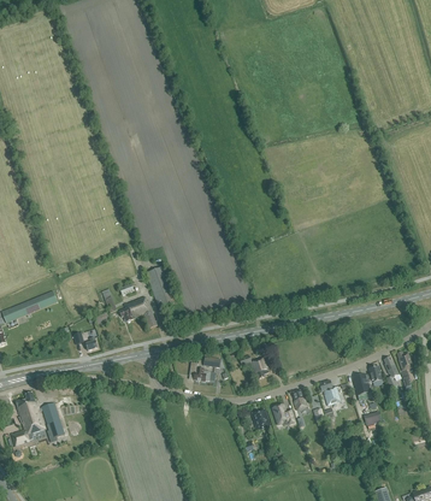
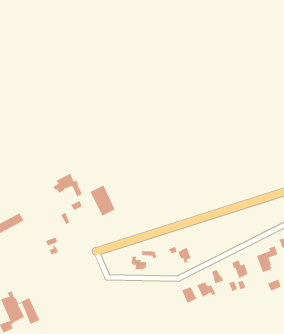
building: [118,296,157,329] -> [52,173,83,197]

